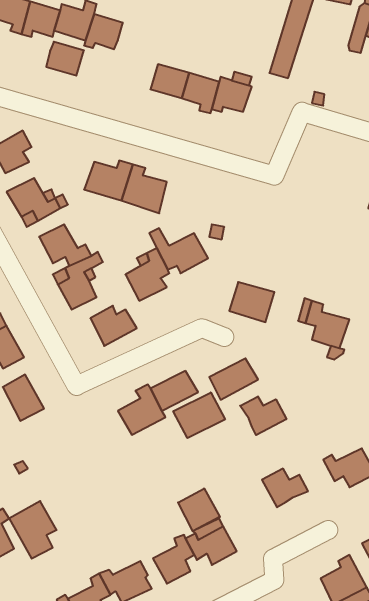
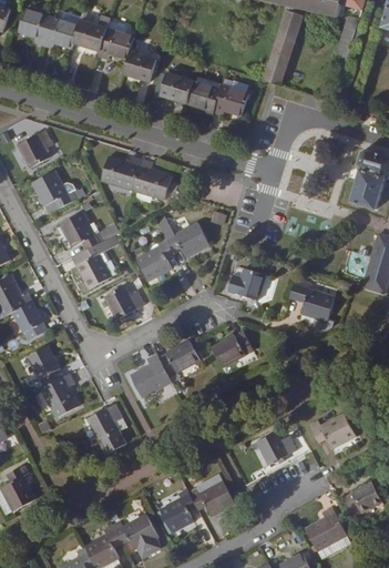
building: [46,42,84,76] -> [123,50,156,80]
building: [173,392,225,438] -> none
building: [240,396,286,435] -> none
building: none -> [40,373,80,418]
building: [178,488,220,531] -> none
building: [9,501,57,559] -> [86,404,129,455]

